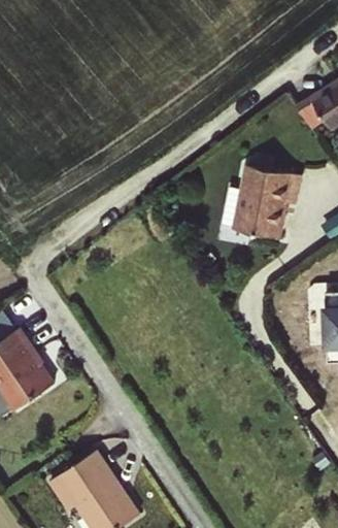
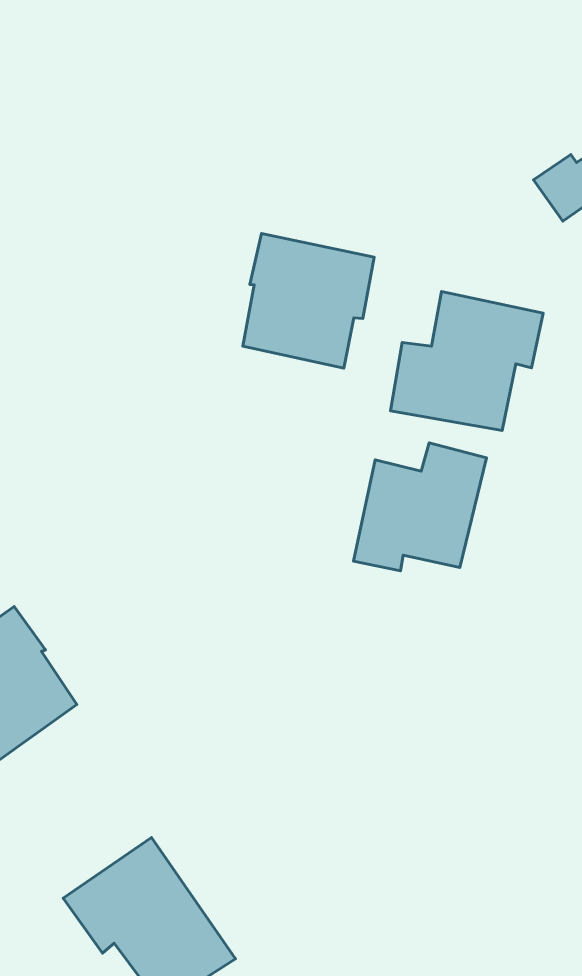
building: none -> [243,233,374,368]
building: none -> [354,443,486,571]

